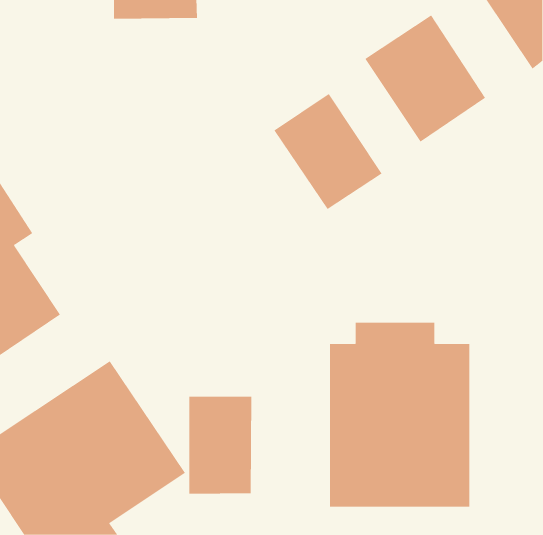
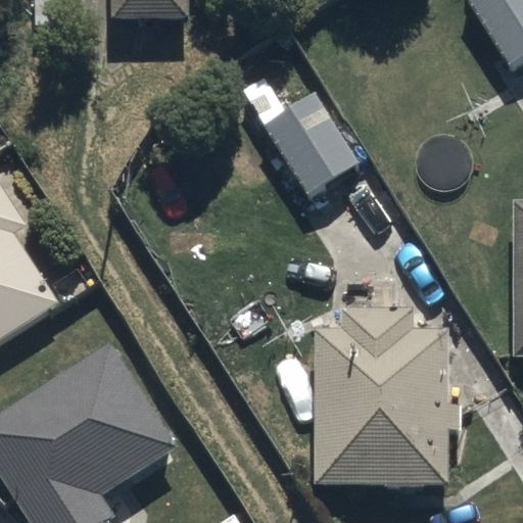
building: [364,15,486,143] -> none
building: [189,396,252,494] -> none

